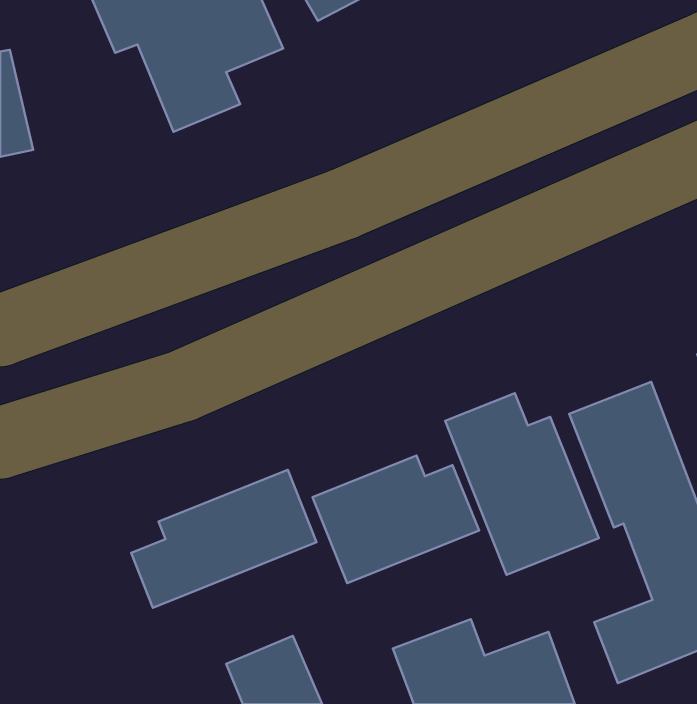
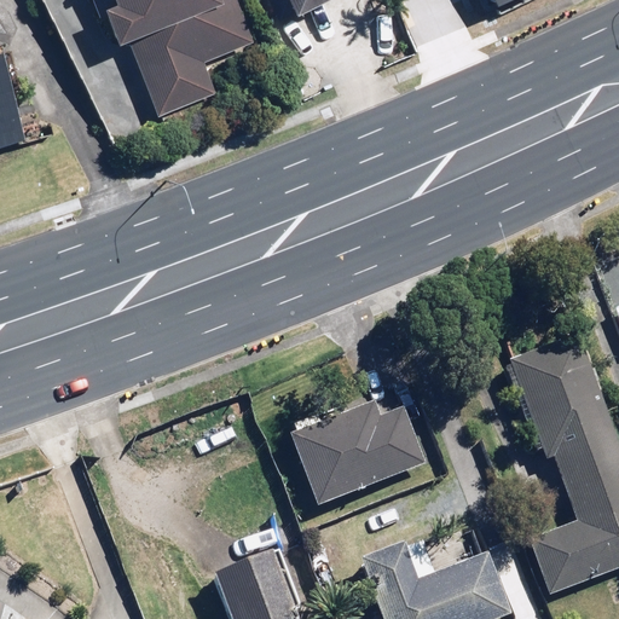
building: [445,393,599,575] -> none
building: [131,470,316,608] -> none

